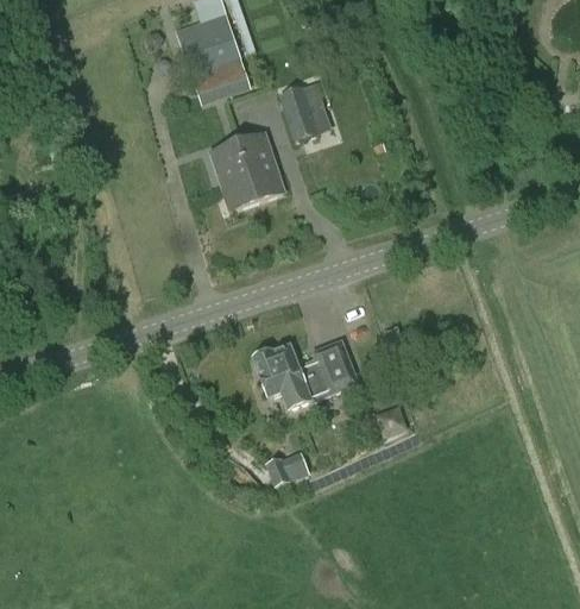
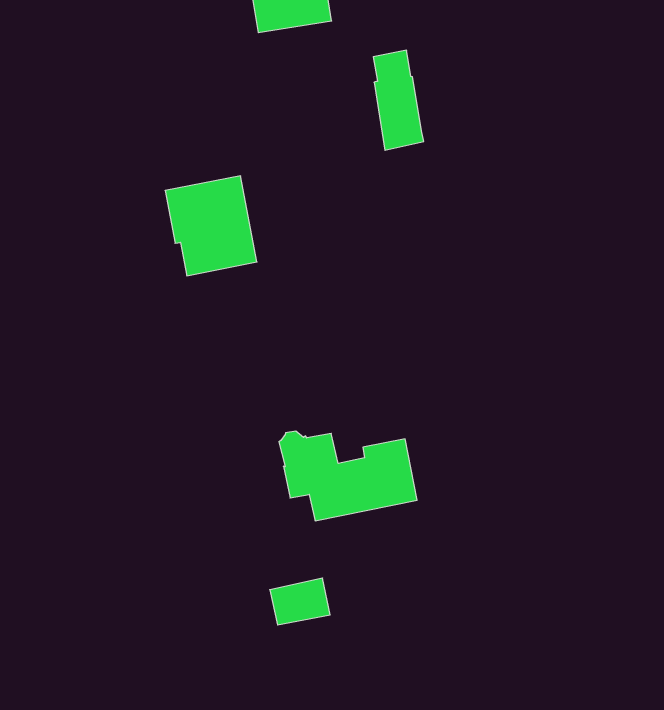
building: [191,56,251,102] -> none
building: [213,133,285,209] -> [165,176,257,276]

